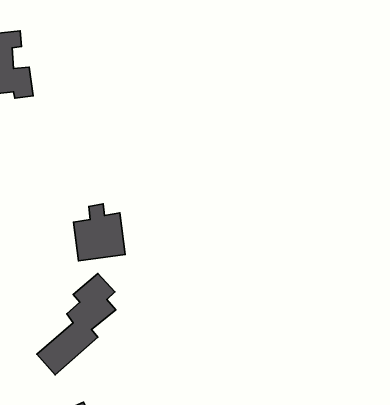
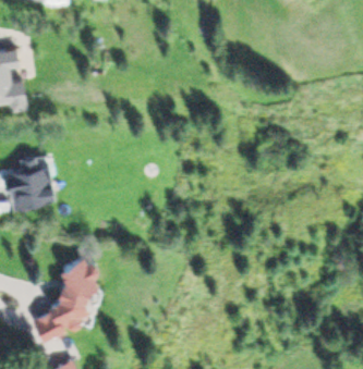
building: [73,204,125,261] -> [11,157,55,205]

